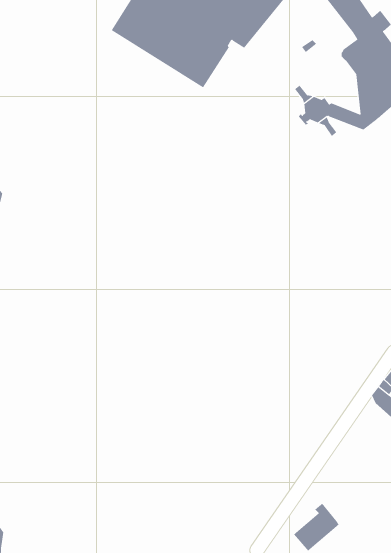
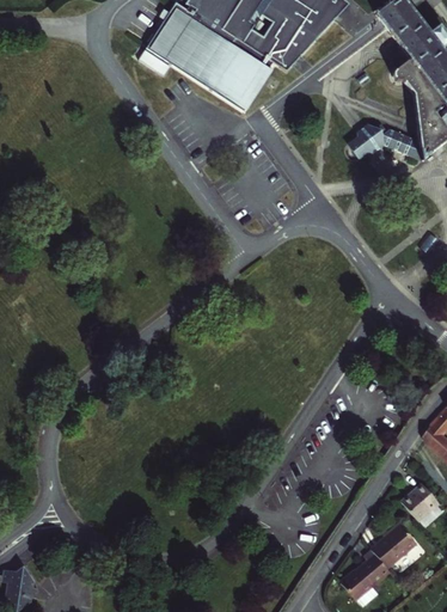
building: none -> [403,484,440,520]
building: none -> [372,524,417,568]

